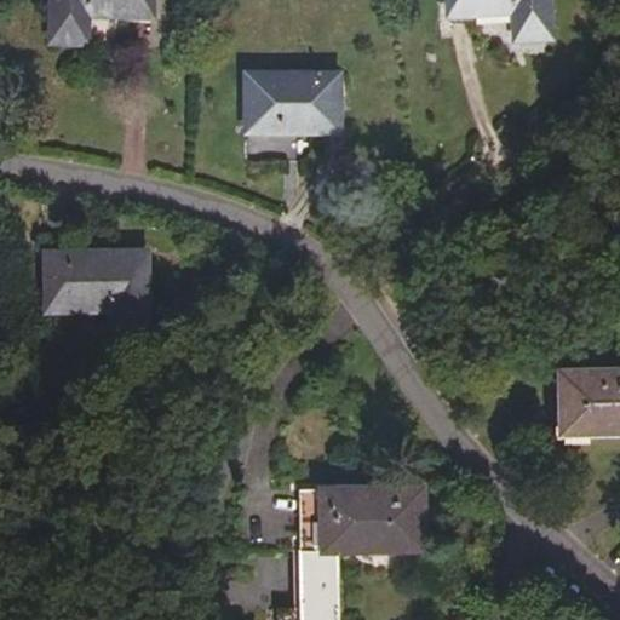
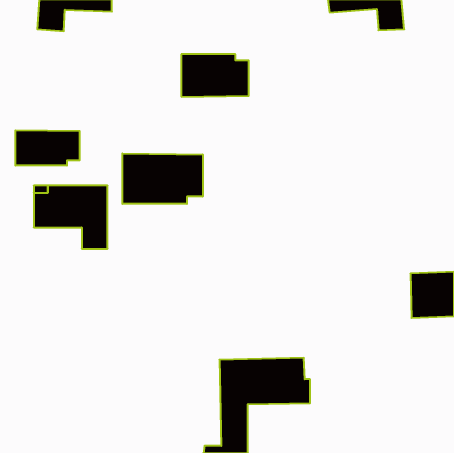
building: none -> [15,130,80,166]
building: none -> [122,153,203,204]

